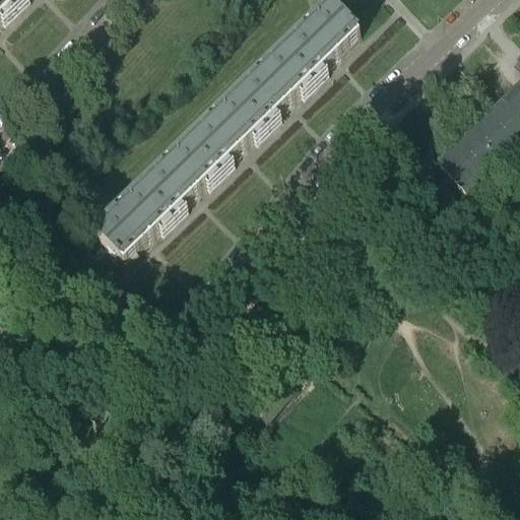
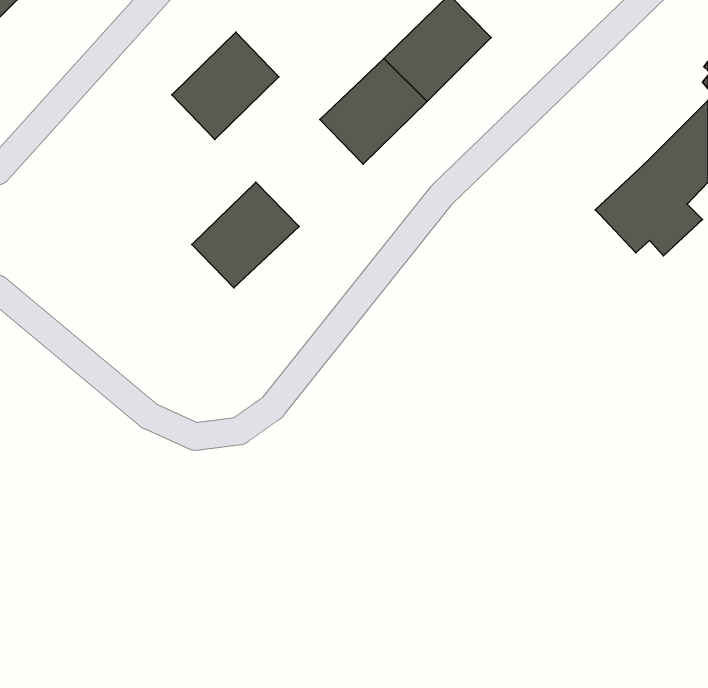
building: [187,87,265,166] -> [172,32,279,139]
building: [92,179,171,257] -> none

